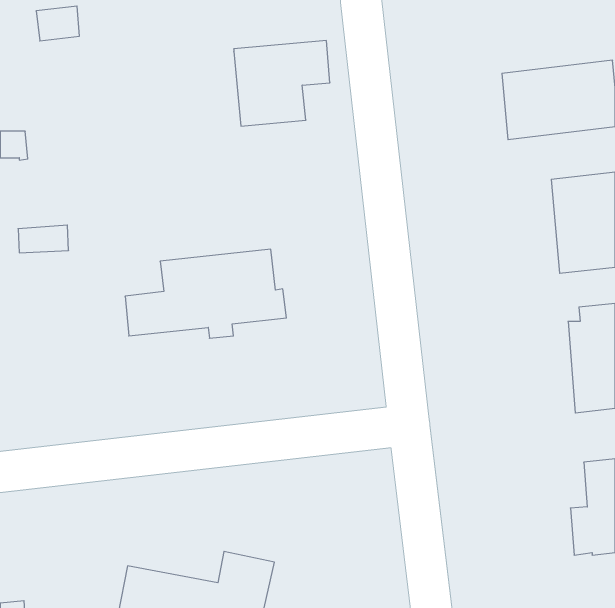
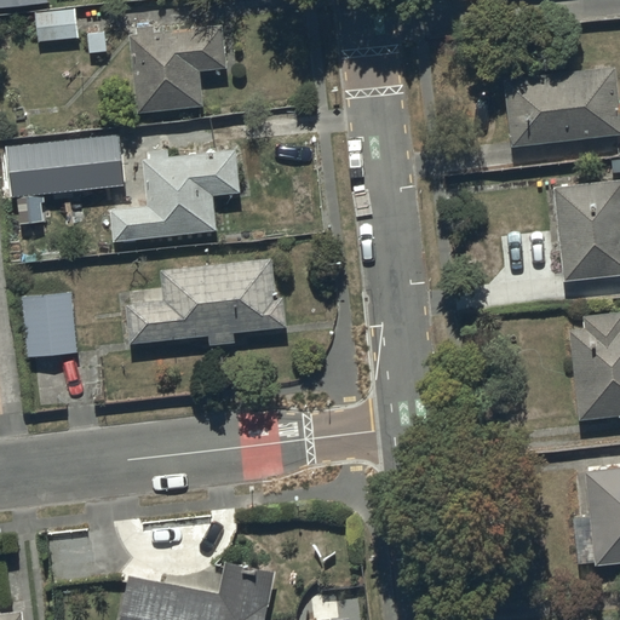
building: [234,41,330,126] -> [131,27,228,113]
building: none -> [31,130,119,205]
building: none -> [111,150,241,242]
building: none -> [22,293,76,358]

